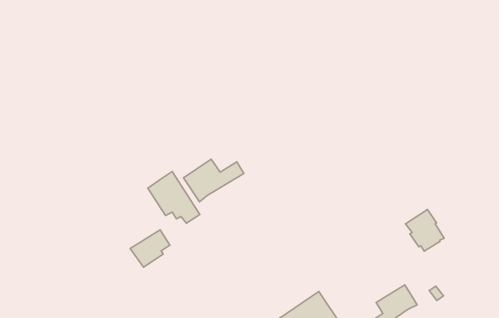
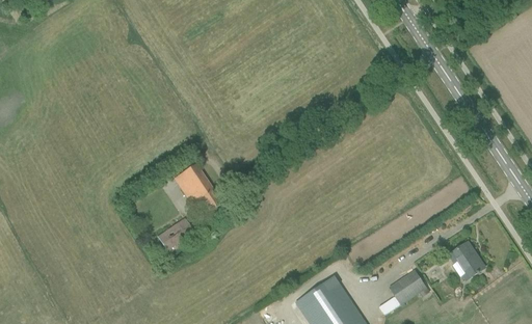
building: [184,159,244,202] -> none
building: [406,209,444,251] -> [448,242,484,281]

